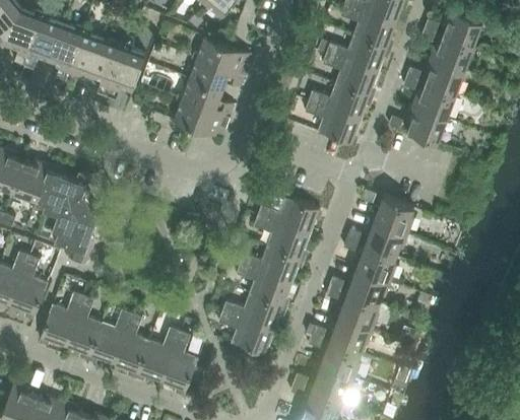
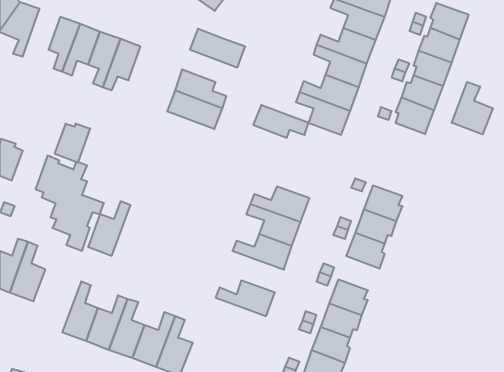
building: [23,15,62,68] -> none
building: [187,57,244,90] -> [253,105,309,138]
building: none -> [452,82,493,134]
building: [12,160,49,200] -> [55,124,90,162]
building: [236,263,291,305] -> none
building: [347,268,390,303] -> none
building: [40,290,83,346] -> [88,201,131,256]
building: [217,310,273,354] -> none

